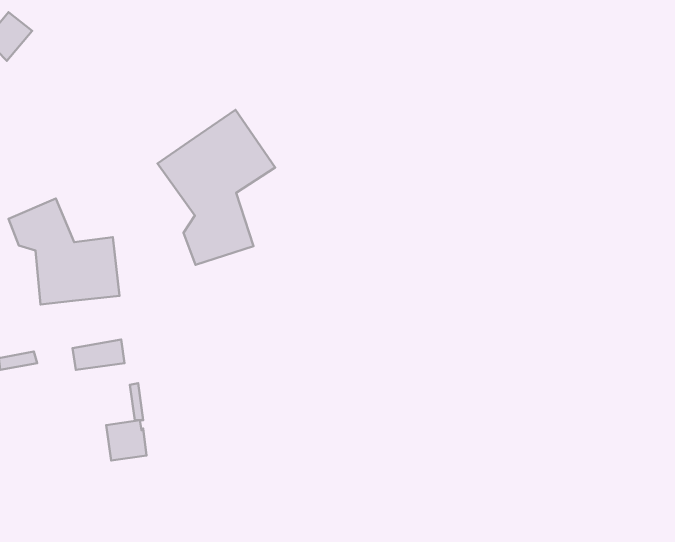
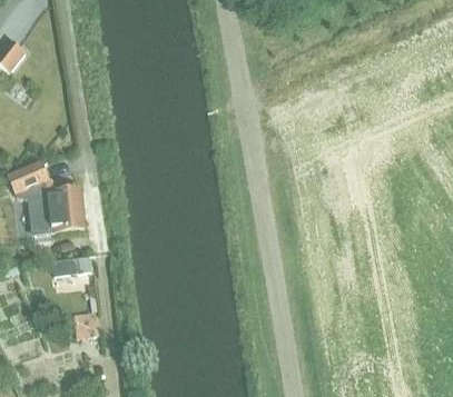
building: [158,110,275,265] -> none

